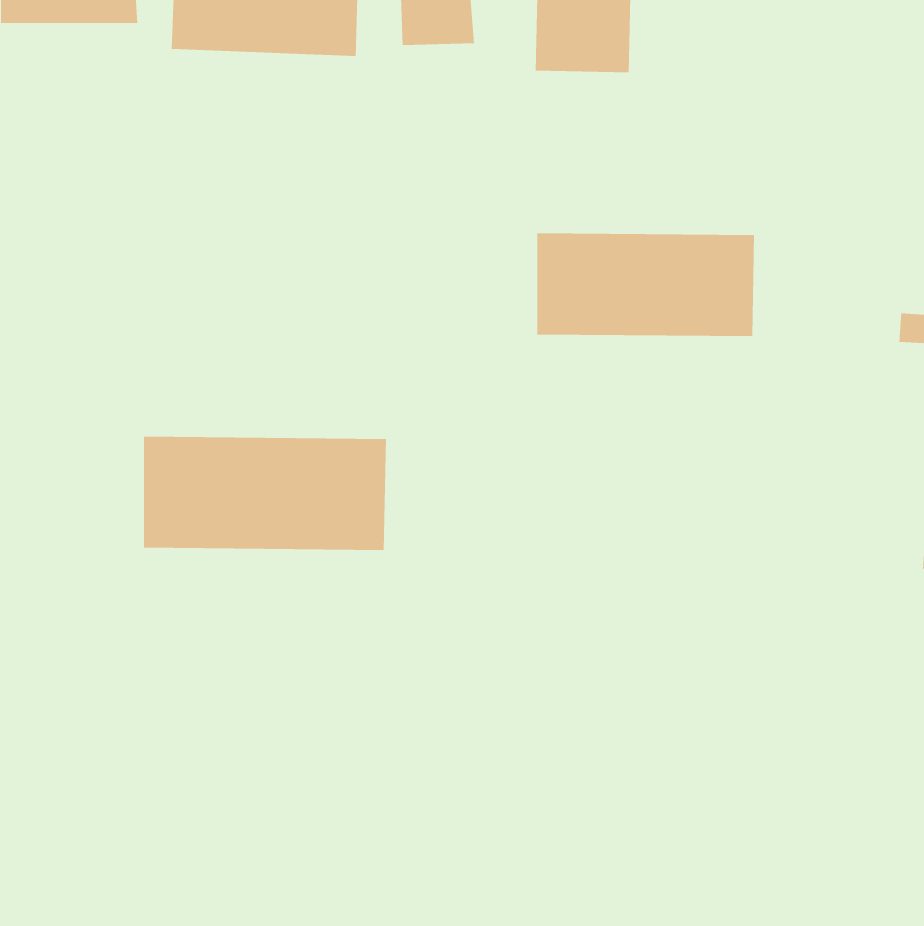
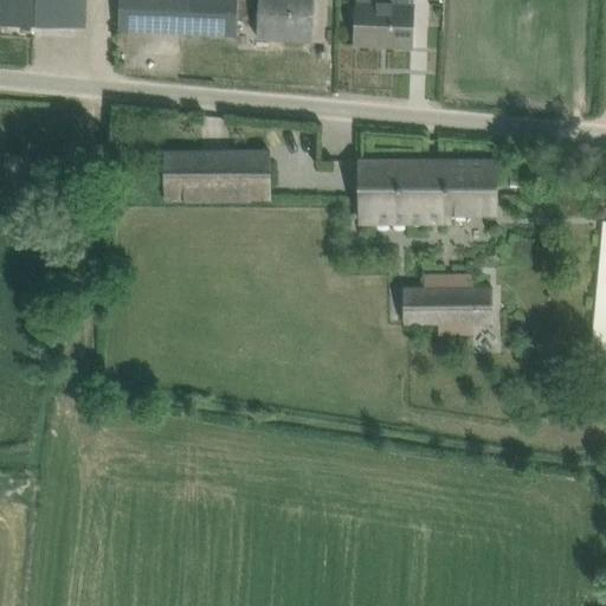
building: none -> [167,159,271,209]
building: [143,436,386,551] -> none
building: none -> [412,286,496,317]

